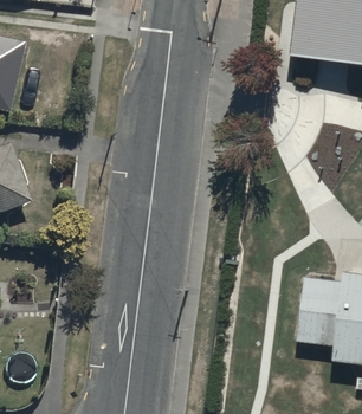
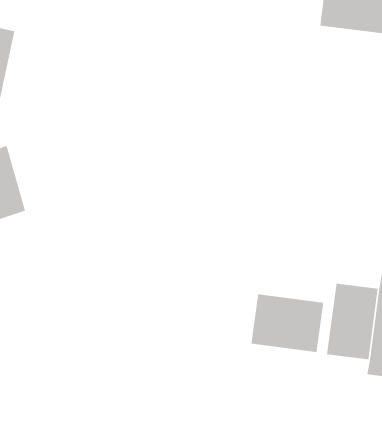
building: none -> [251,294,324,353]

